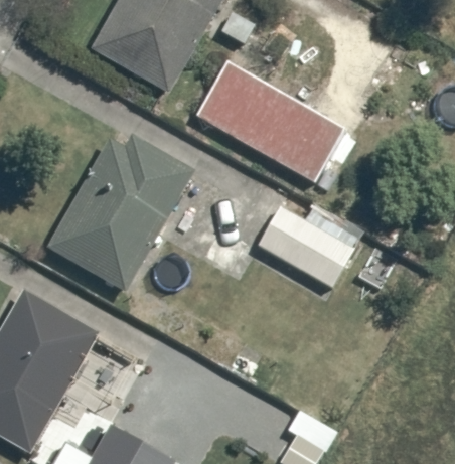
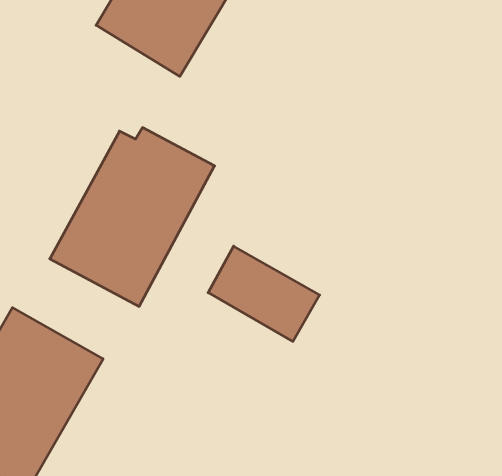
building: [196,60,345,182] -> none
building: [257,203,353,286] -> [208,246,320,341]

